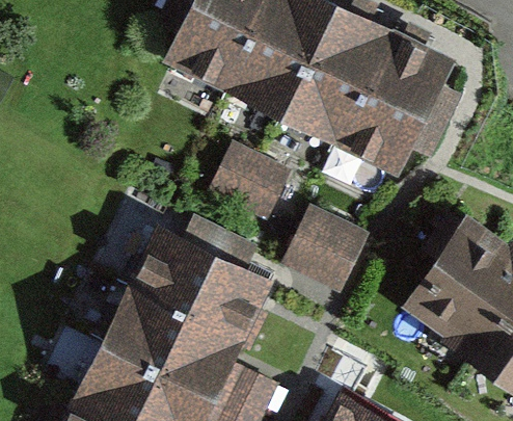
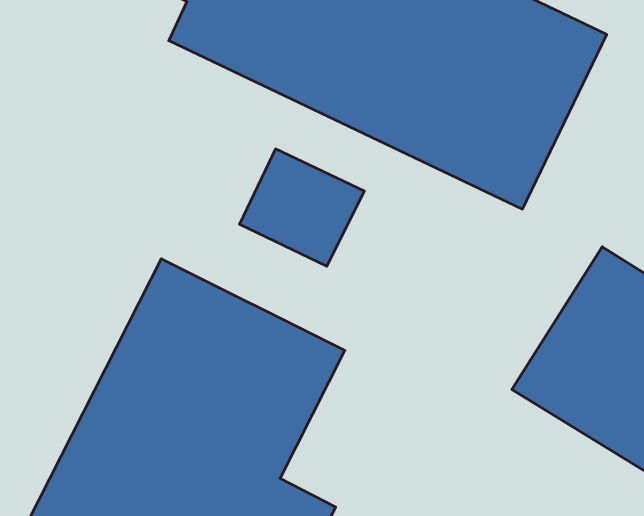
building: [278,207,369,297] -> none

